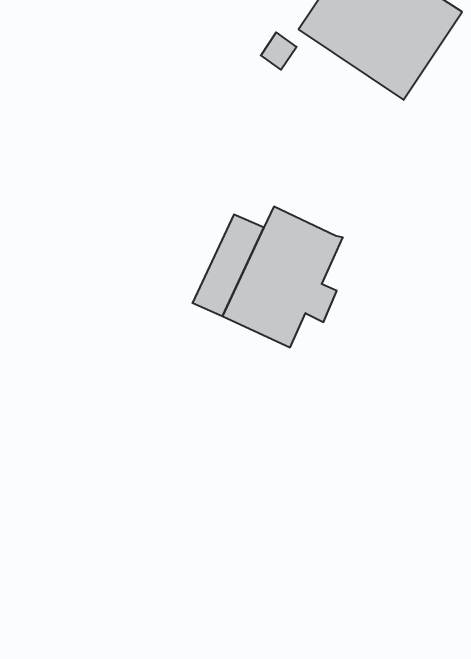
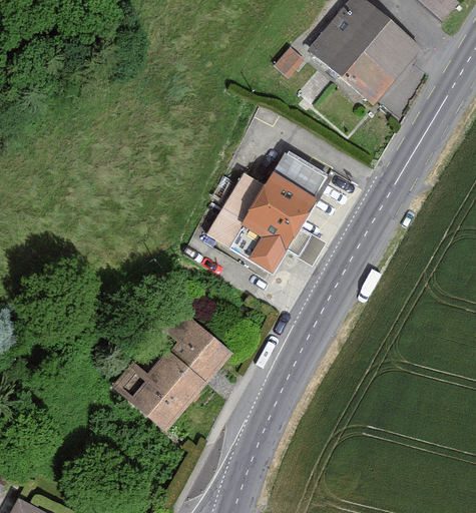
building: none -> [273,149,328,196]
building: none -> [112,308,231,430]

